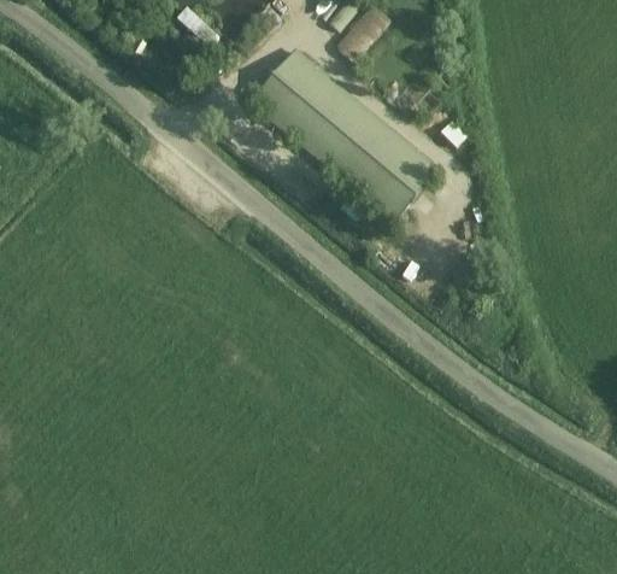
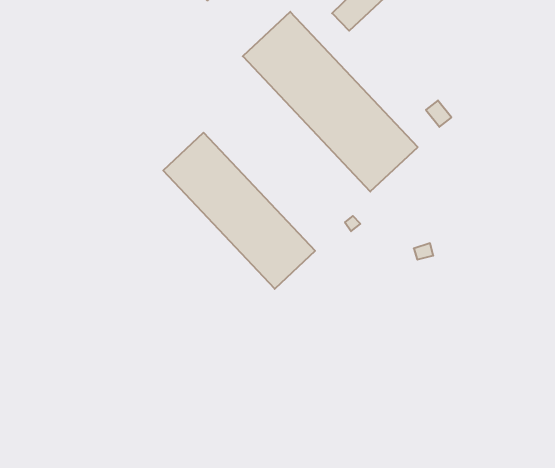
building: none -> [163,133,315,289]

